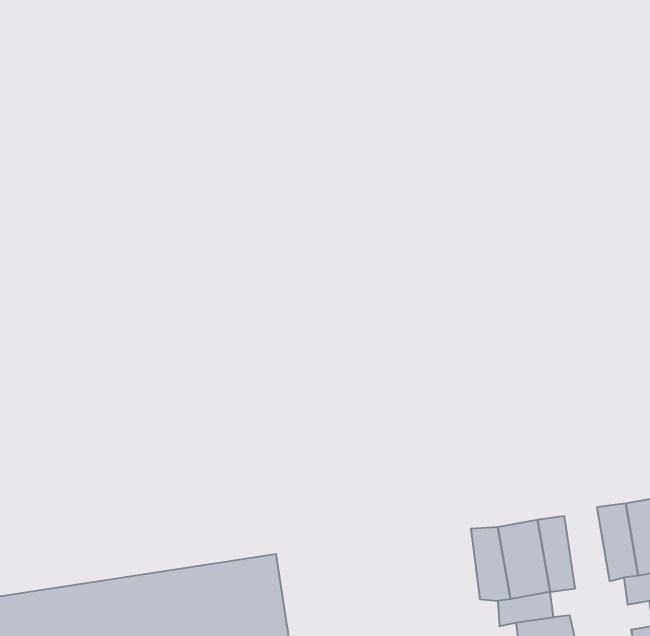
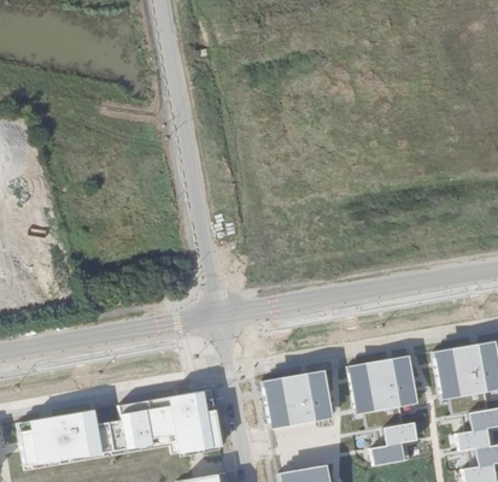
building: none -> [257,369,328,428]

